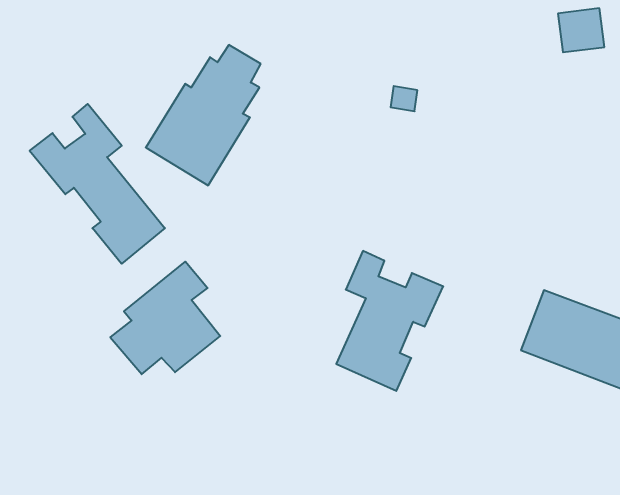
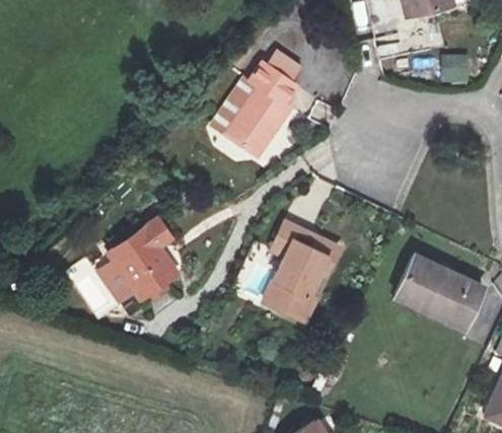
building: [146,45,261,185] -> [213,52,300,153]
building: [30,104,165,264] -> none

